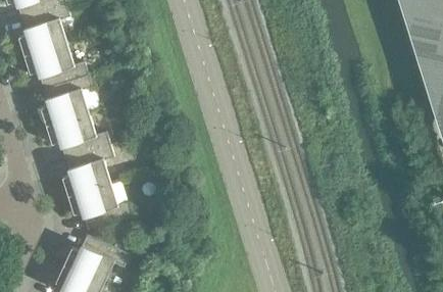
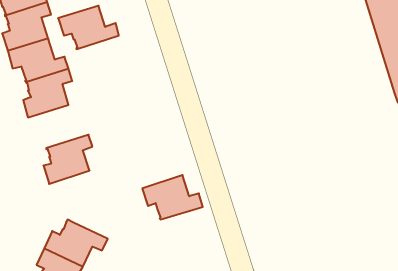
building: [44,112,108,158] -> [58,6,119,49]
building: [66,182,131,229] -> [142,175,203,219]

